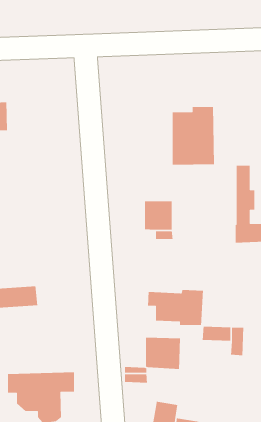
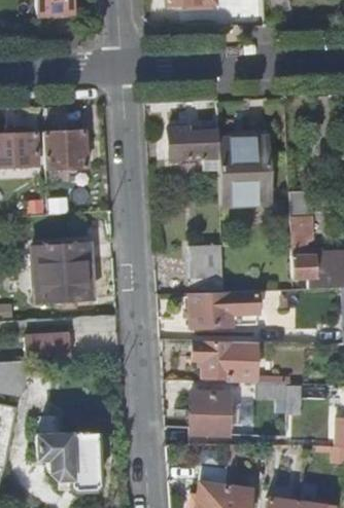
building: none -> [170,120,221,152]
building: none -> [44,129,87,173]
building: none -> [34,246,93,301]
building: none -> [192,290,257,327]

